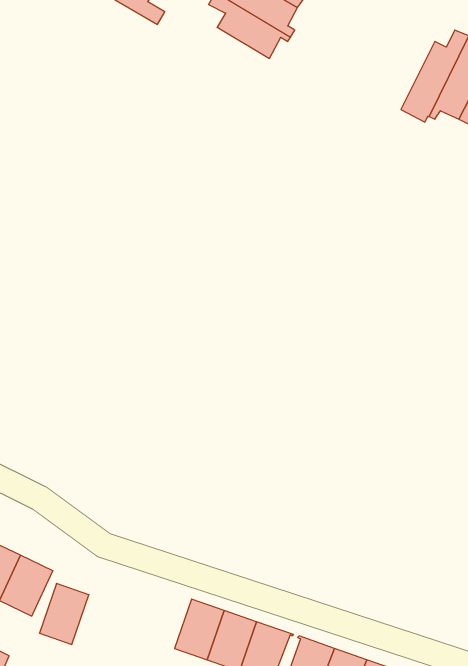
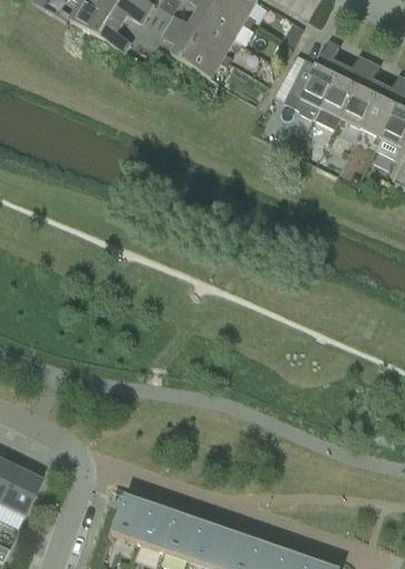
building: none -> [289,41,343,118]
building: [39,584,89,644] -> [112,493,151,541]

